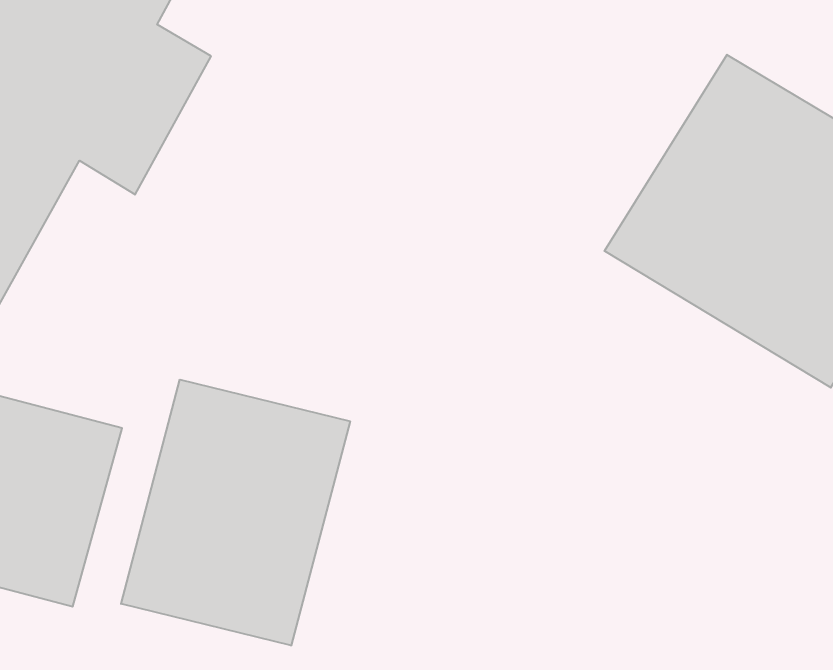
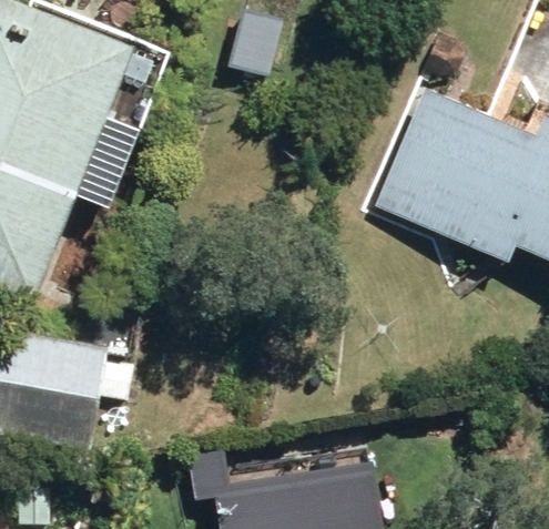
building: [121,380,350,646] -> none

